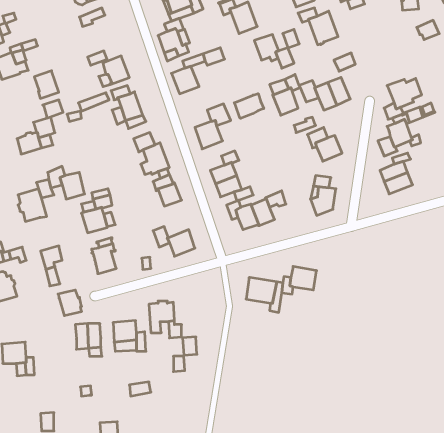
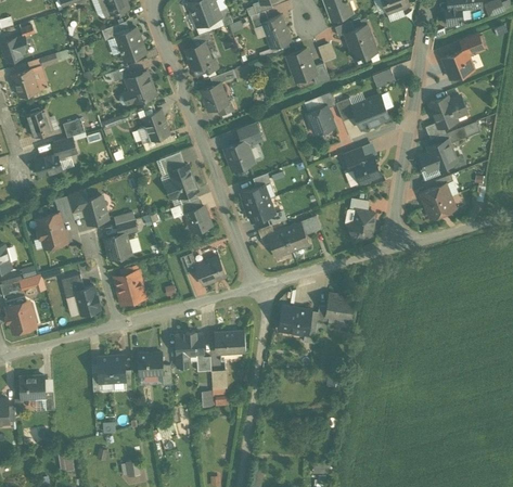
building: none -> [118,28,145,60]
building: none -> [443,49,473,78]
building: [34,71,59,98] -> [26,107,52,137]
building: [234,94,264,118] -> none
building: [58,290,82,316] -> [75,286,100,313]
building: none -> [216,331,243,355]

